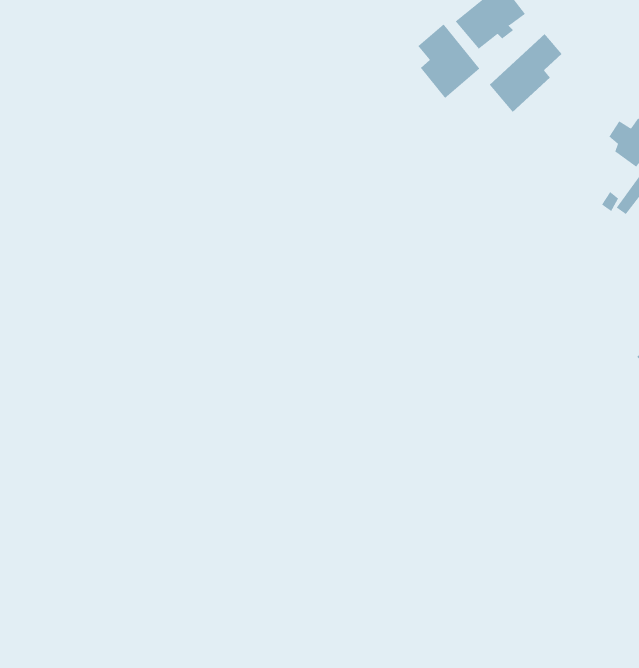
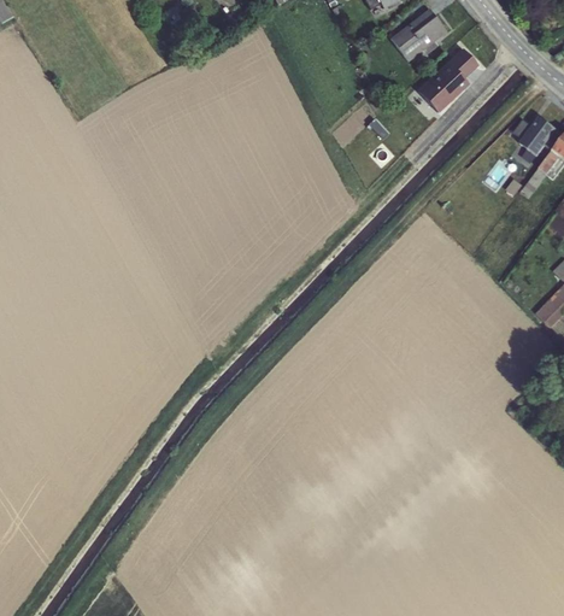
building: [417,24,480,99] -> none

